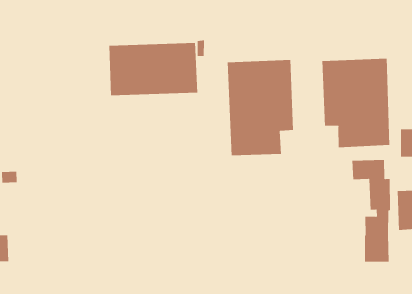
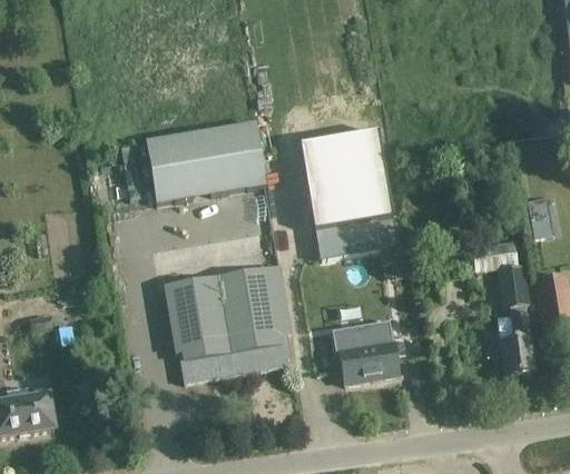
building: [322,58,390,148] -> none
building: none -> [163,264,292,382]
building: none -> [331,319,397,384]

